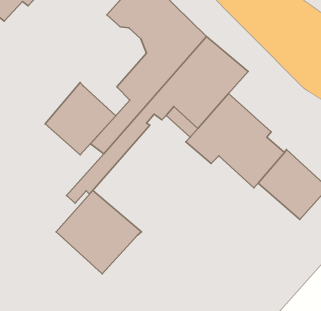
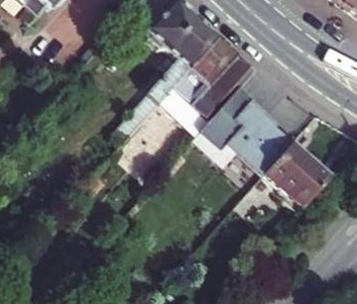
building: [45,83,116,155] -> none
building: [56,190,141,274] -> none

